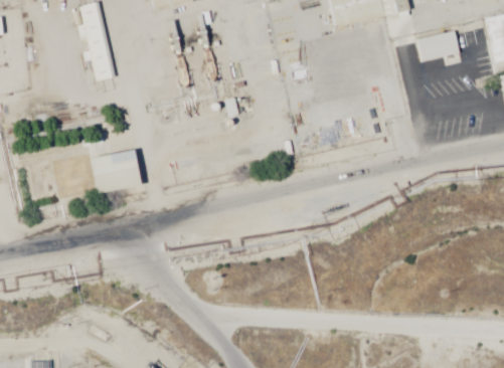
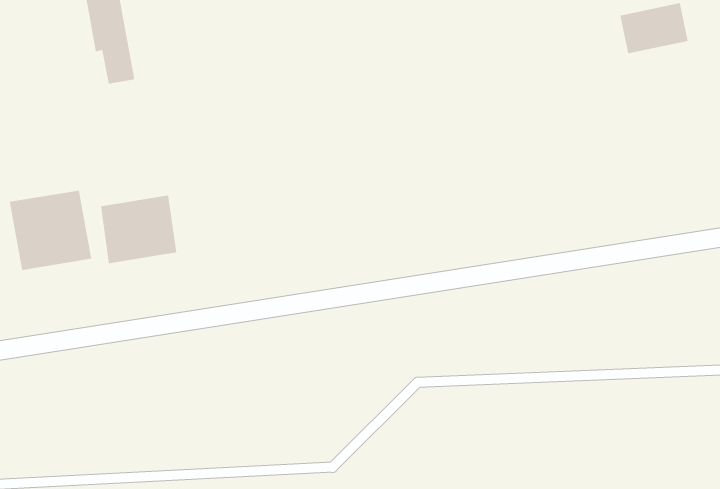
building: none -> [9,190,92,271]

